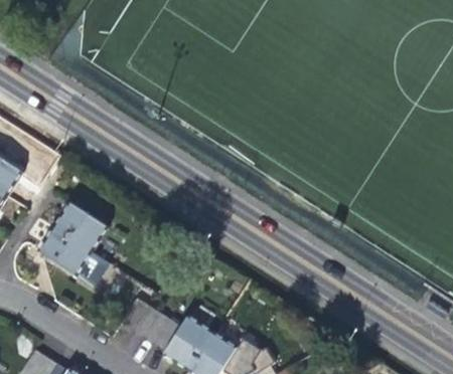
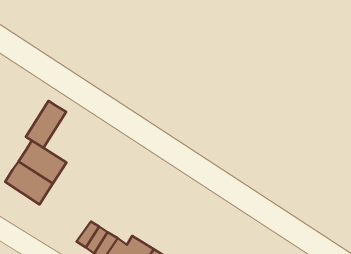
building: none -> [26,101,66,148]

